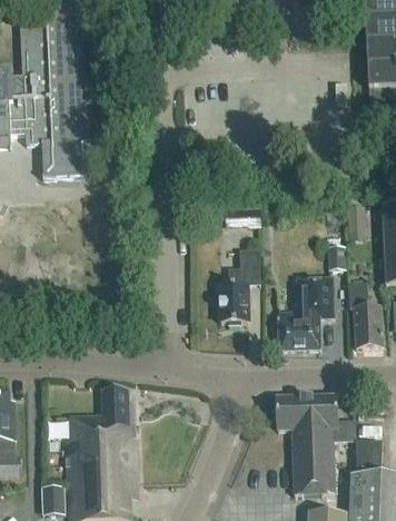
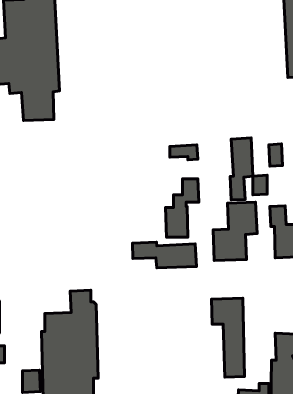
building: none -> [230,138,253,200]
building: none -> [132,242,196,268]
building: [315,396,355,494] -> none

